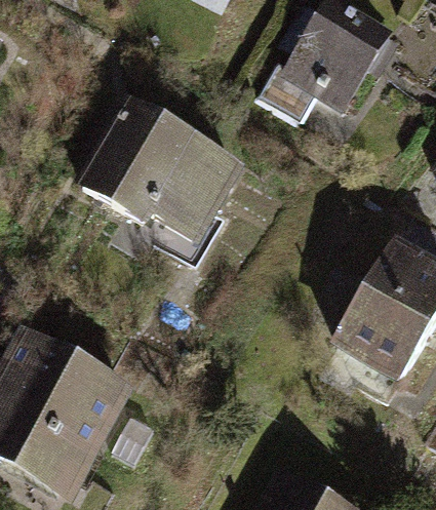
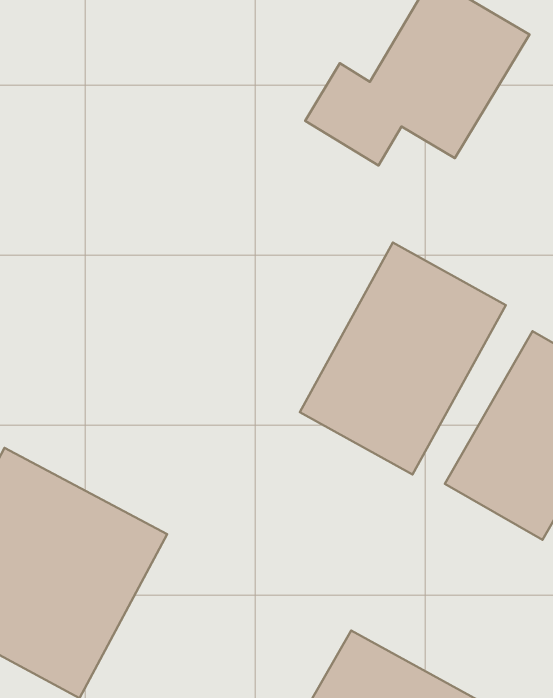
building: [77,92,245,244] -> none
building: none -> [300,243,506,474]

